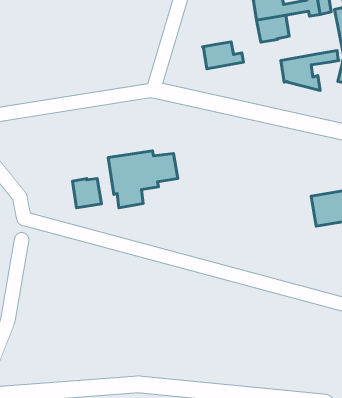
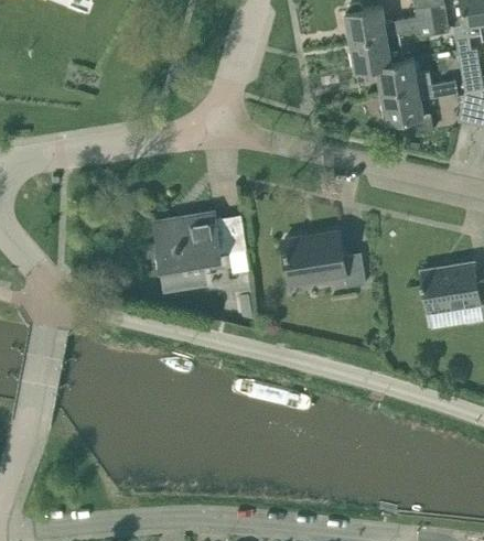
building: [203,42,244,69] -> [376,59,430,95]
building: none -> [283,234,366,289]
building: [73,178,101,208] -> none

